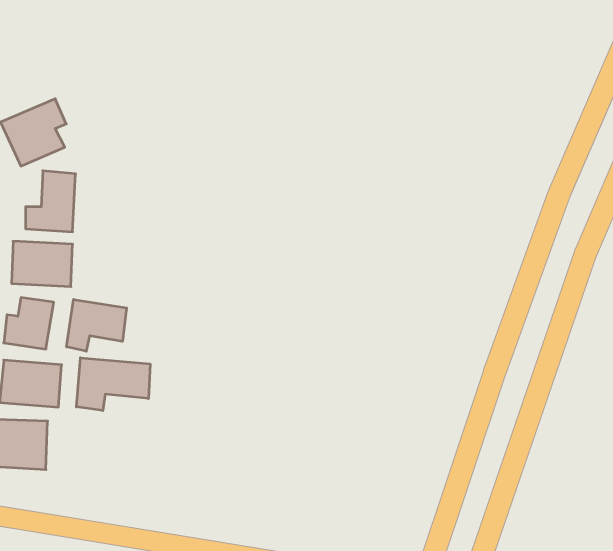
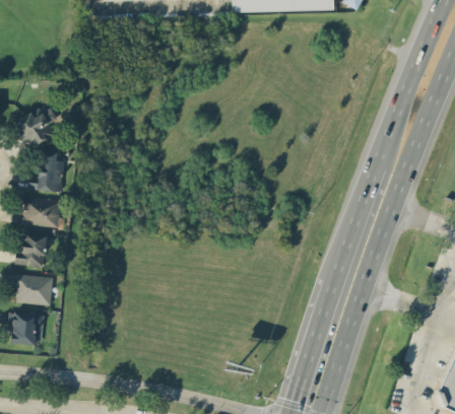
building: [67,299,127,351] -> none
building: [76,358,150,411] -> none

